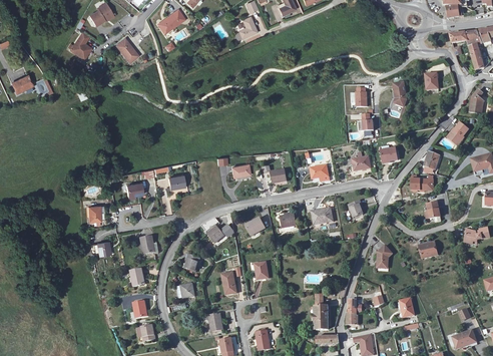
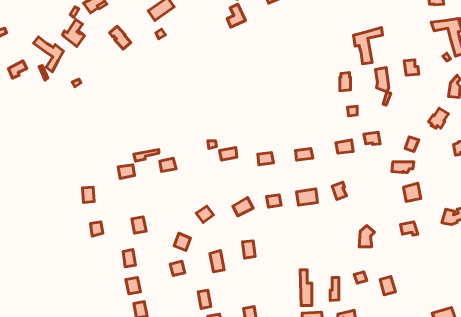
building: none -> [353,28,382,64]
building: none -> [33,37,64,72]

